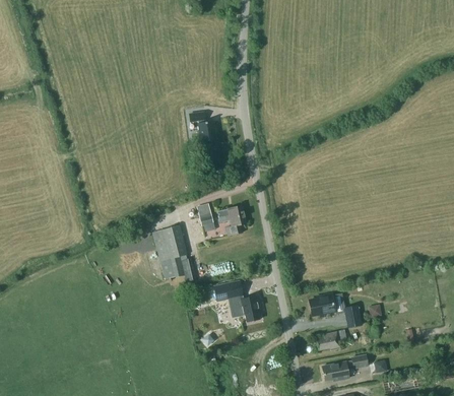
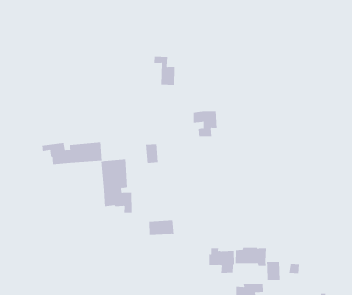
building: [217,205,246,236] -> [193,111,217,137]
building: none -> [42,142,102,165]
building: [230,295,259,322] -> [208,248,235,273]

